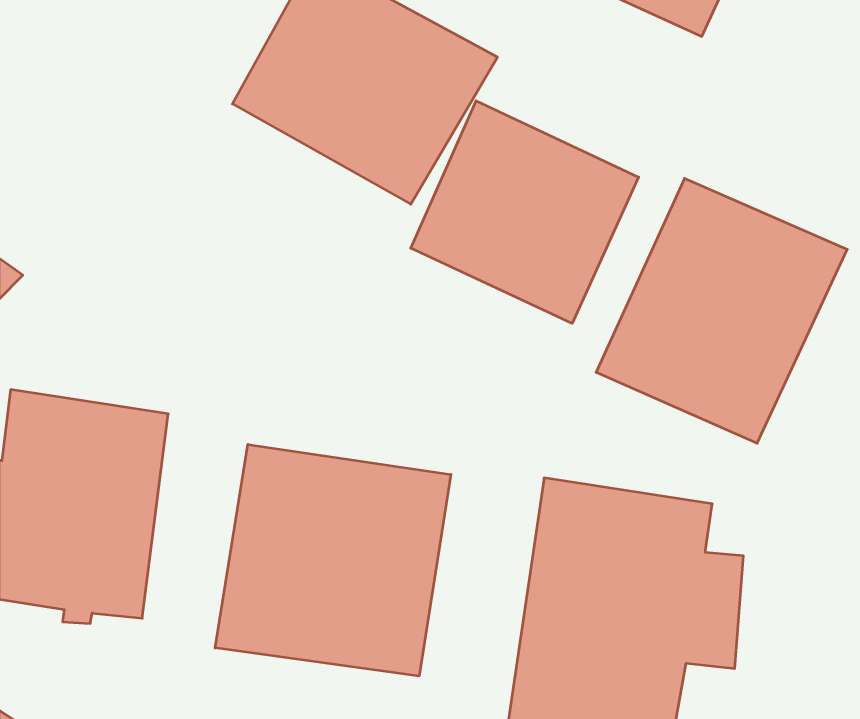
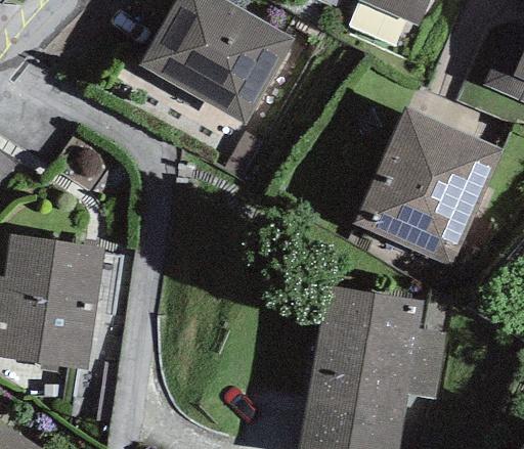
building: [411,101,639,323] -> none
building: [215,444,451,676] -> none

